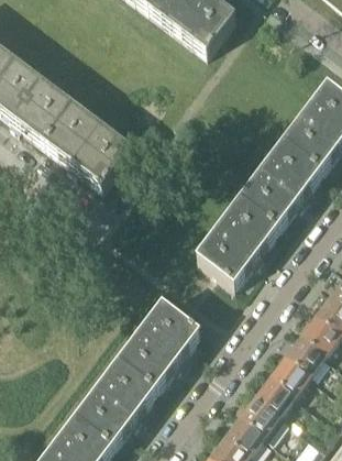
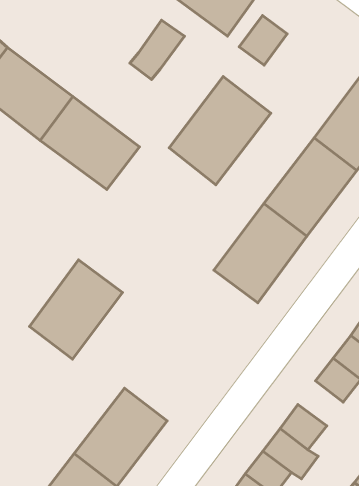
building: none -> [239,16,287,65]
building: none -> [130,20,185,80]
building: none -> [169,77,271,185]
building: [118,304,199,391] -> [30,260,123,359]
building: [269,355,309,395] -> none

